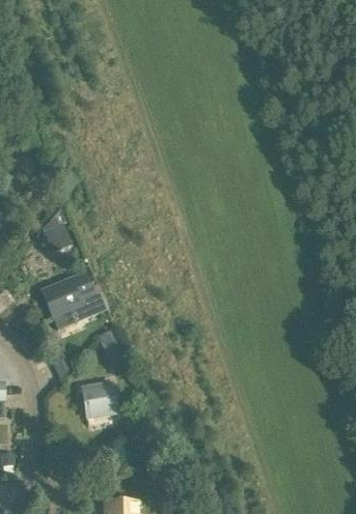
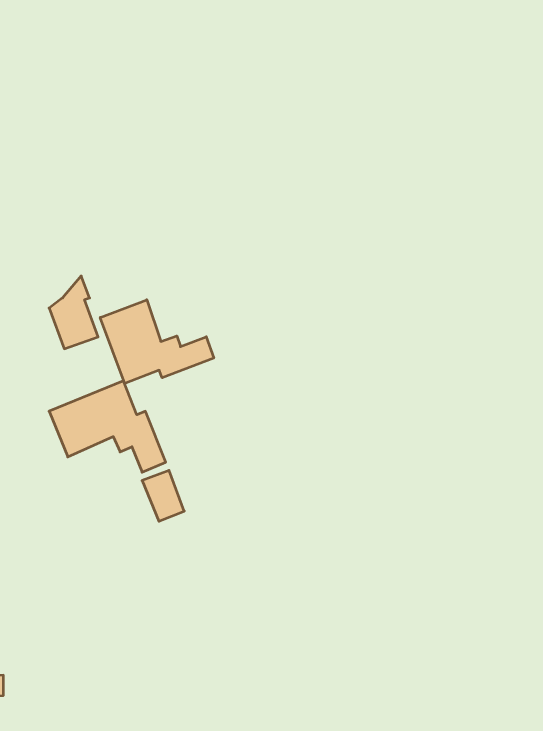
building: none -> [100,300,214,383]
building: [80,381,119,417] -> none

